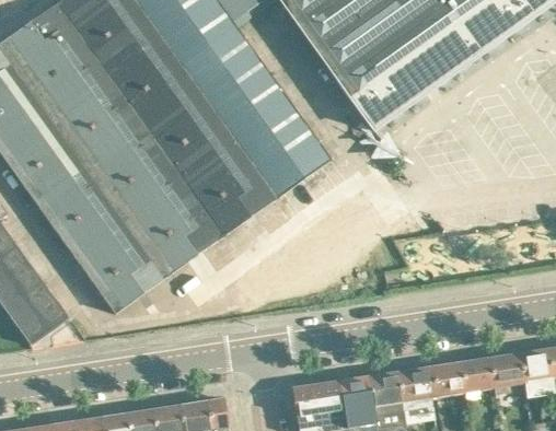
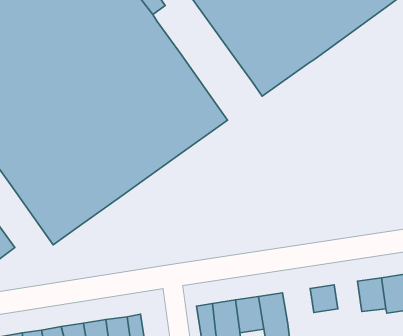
building: [461,357,494,391] -> none
building: [397,365,436,409] -> none

